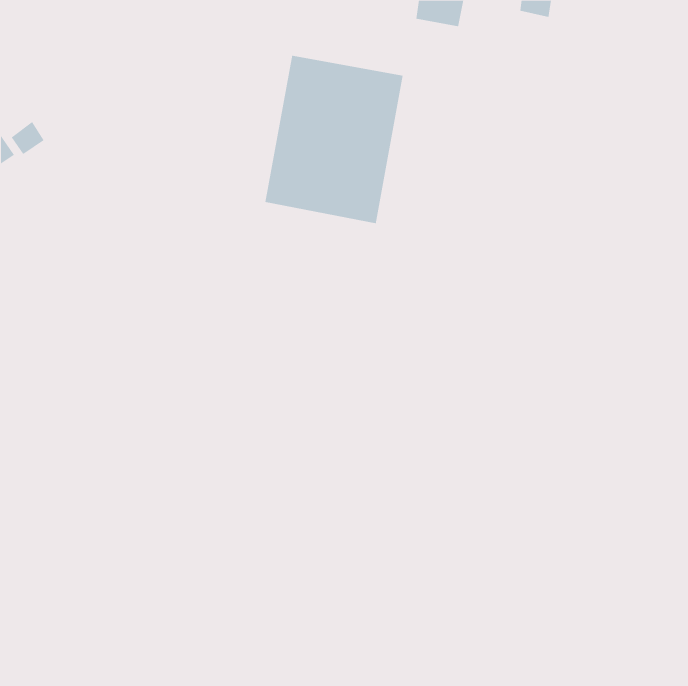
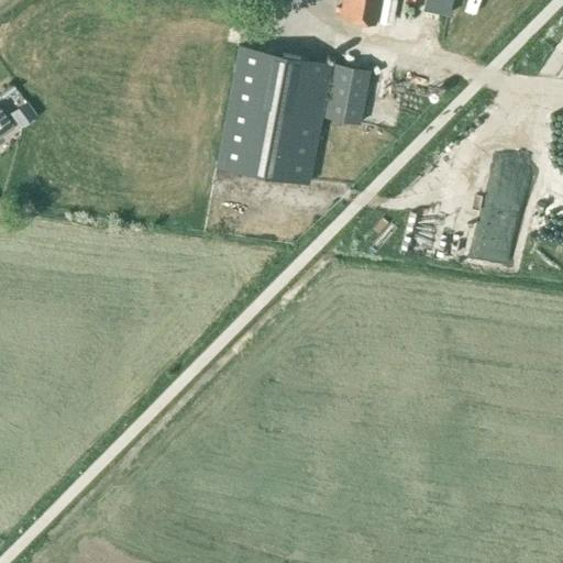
building: none -> [323,64,369,126]

